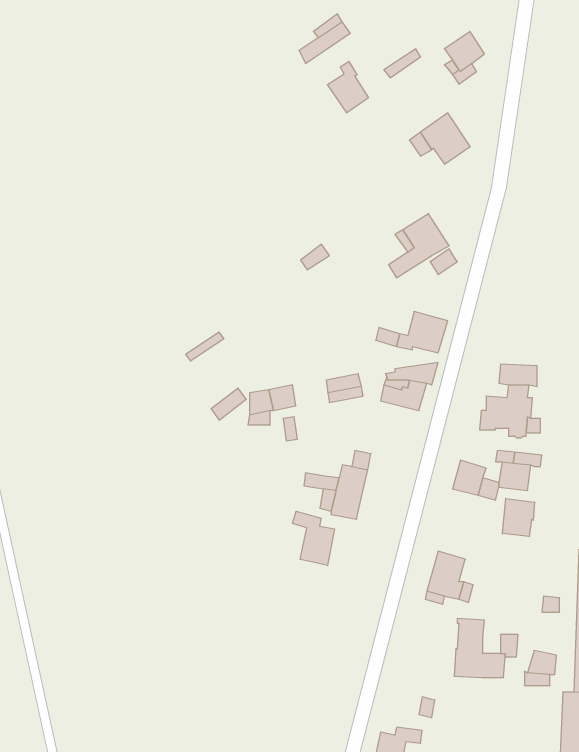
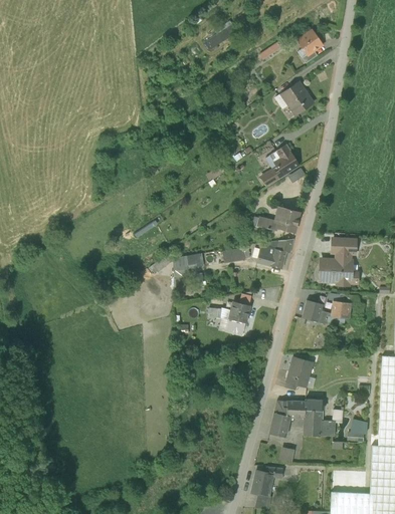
building: [327,61,368,113] -> none
building: [502,498,535,537] -> none
building: [293,511,334,566] -> none
building: none -> [270,401,307,437]

